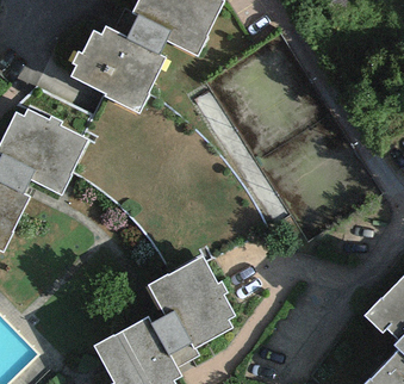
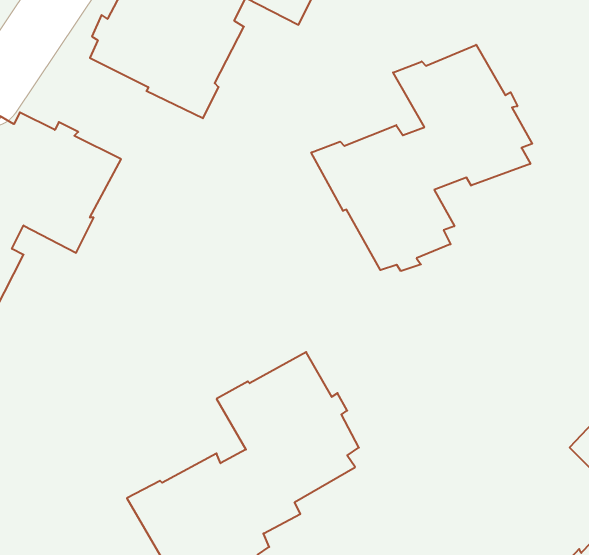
building: none -> [311,45,532,271]

